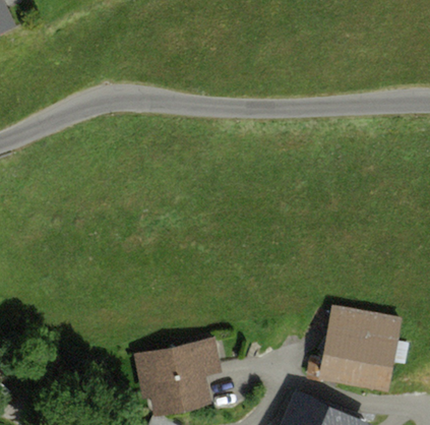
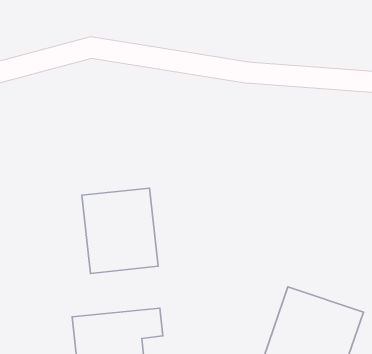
building: none -> [82,188,158,273]

